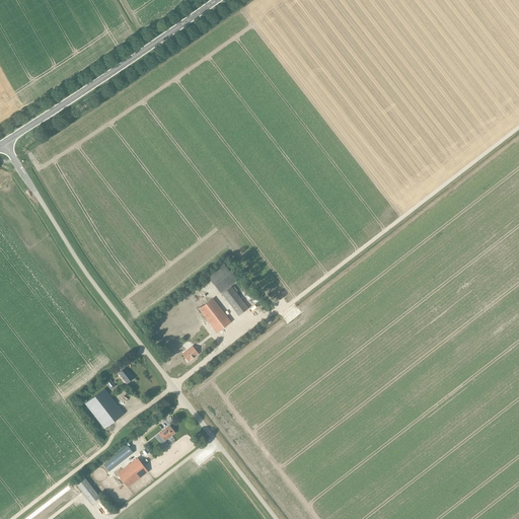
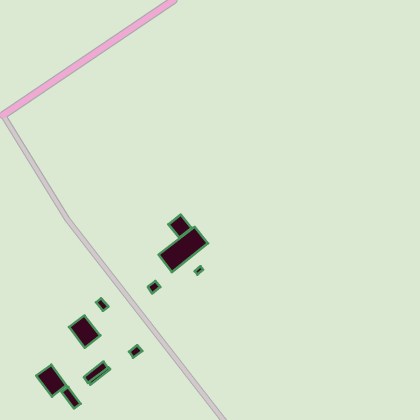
building: none -> [36,365,66,397]
building: [117,458,148,488] -> none

